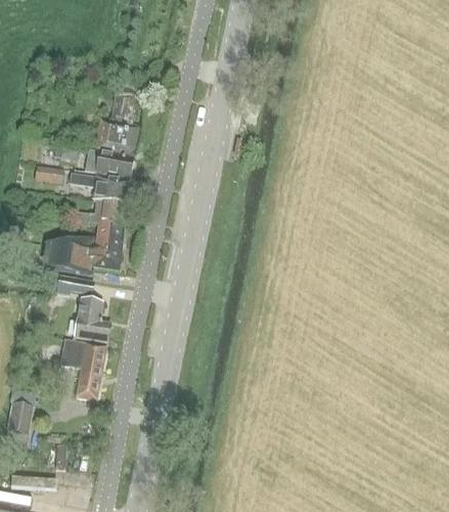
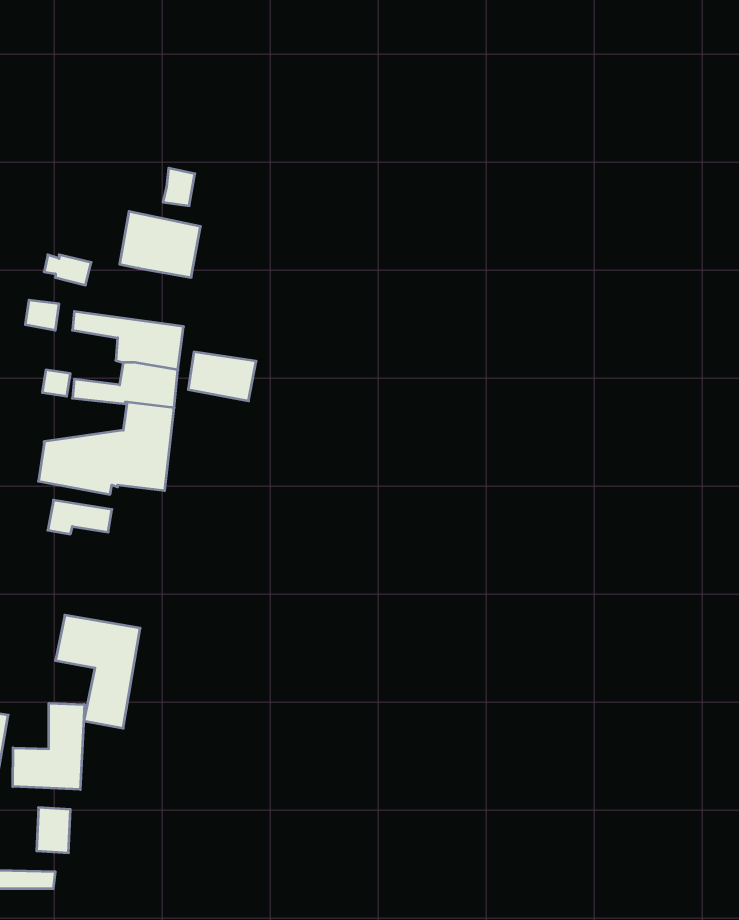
building: [96,152,133,178] -> [188,352,256,401]
building: [74,298,109,341] -> none
building: none -> [13,703,84,790]

